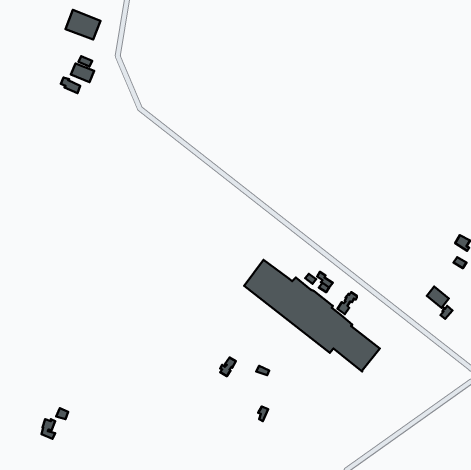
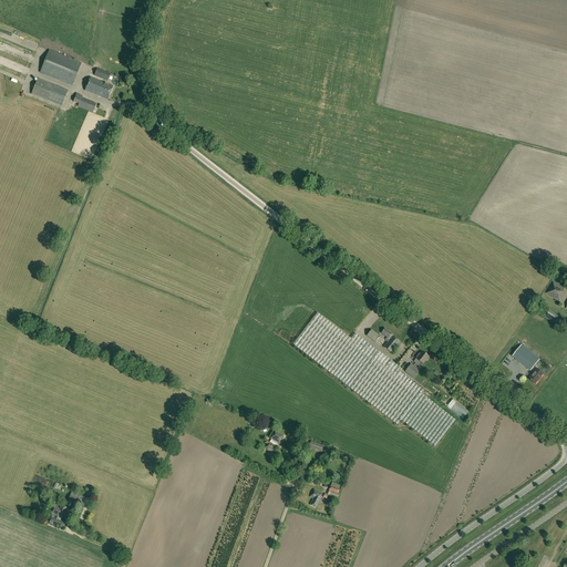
building: [65,10,100,39] -> [40,49,82,84]
building: none -> [32,78,69,106]

